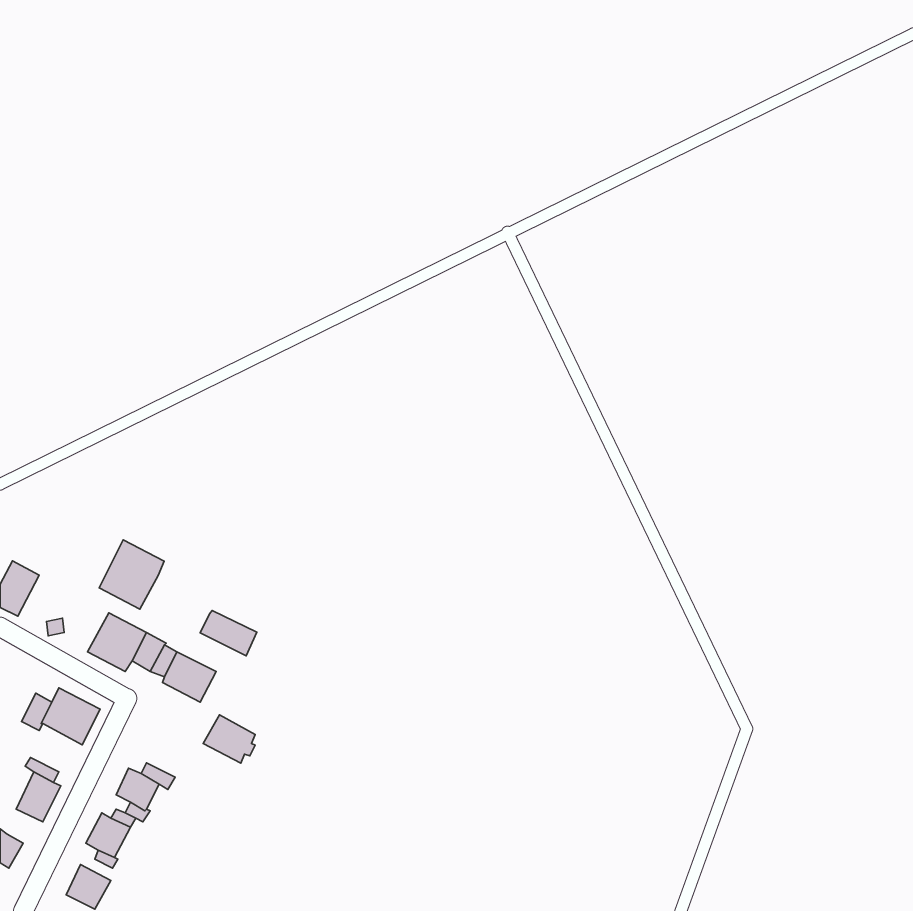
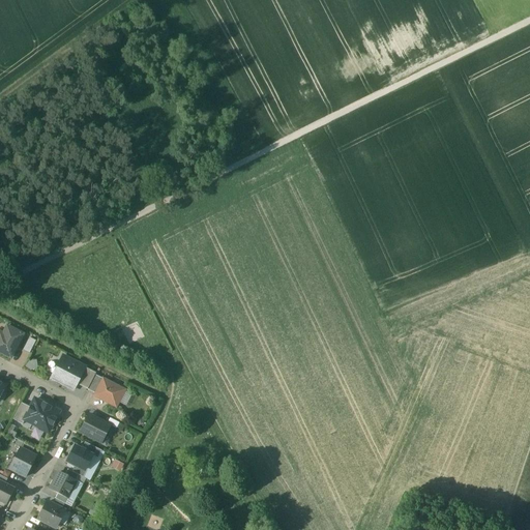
building: [99,540,164,609] -> none
building: [200,611,257,656] -> none
building: [203,715,255,763] -> [80,414,110,442]

